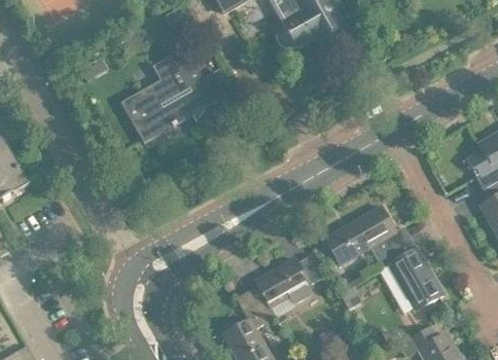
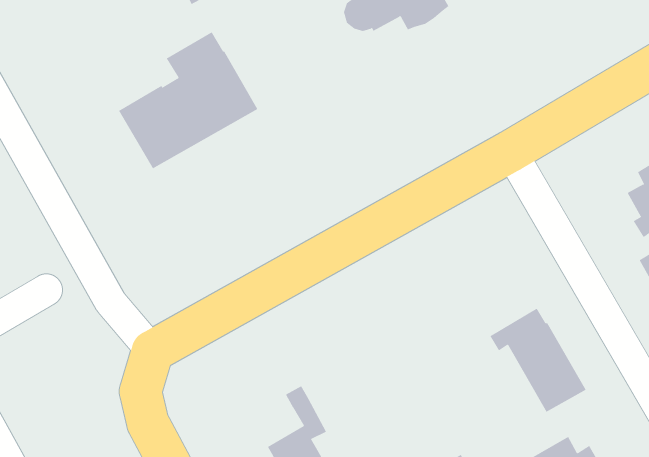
building: [325,206,410,263] -> none
building: [247,258,312,323] -> none

